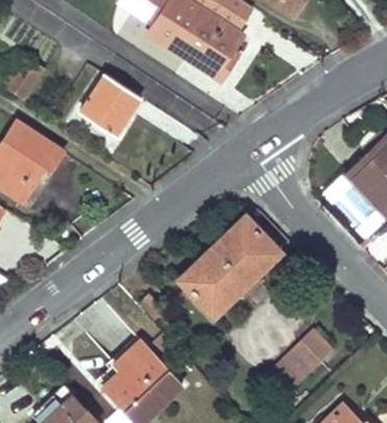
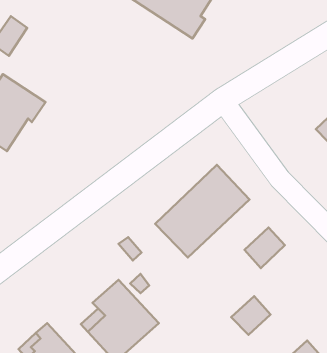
building: [80,77,140,137] -> none
building: [289,330,332,373] -> [244,228,285,268]

